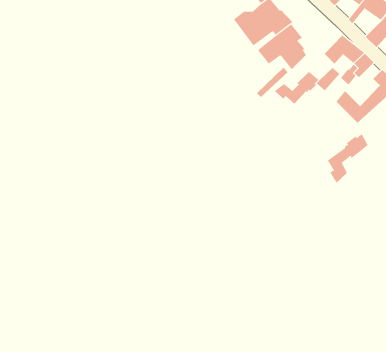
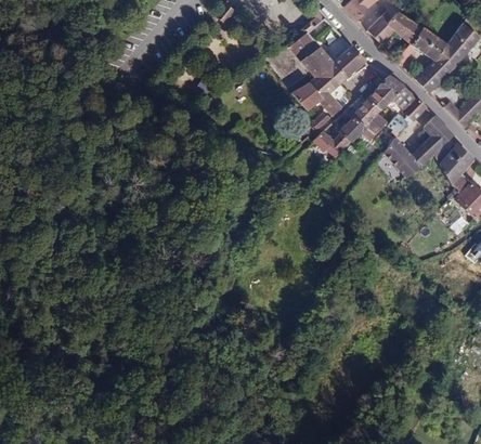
building: none -> [333,45,366,79]
building: none -> [346,97,381,127]
building: [327,133,369,183] -> none

